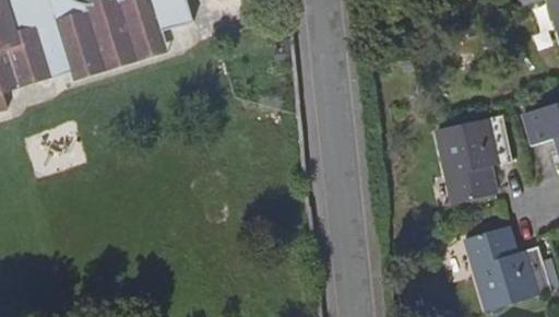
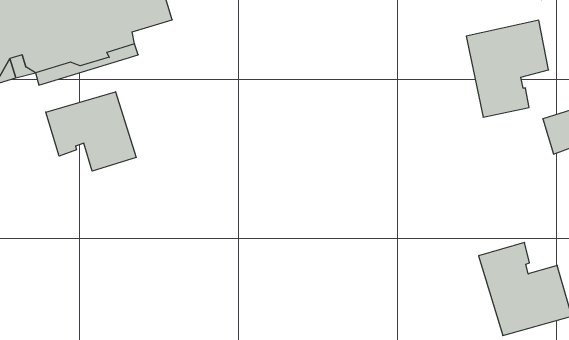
building: none -> [46,92,136,171]
building: [438,116,512,203] -> [466,20,549,117]

